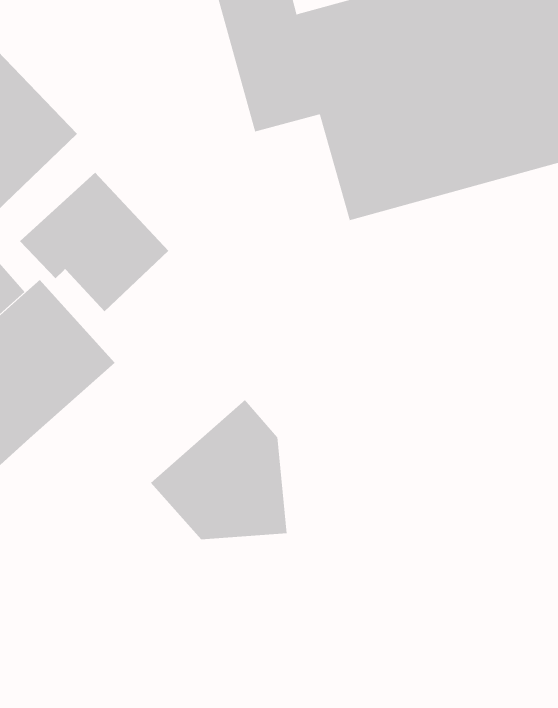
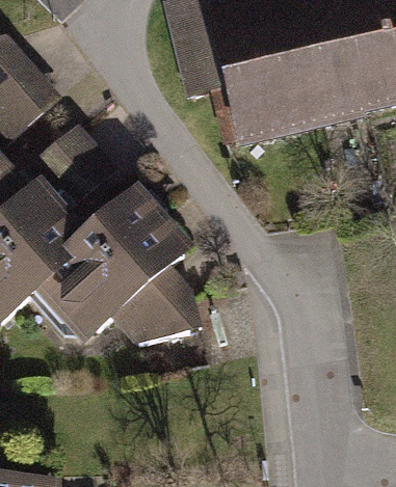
building: none -> [31,201,190,354]

